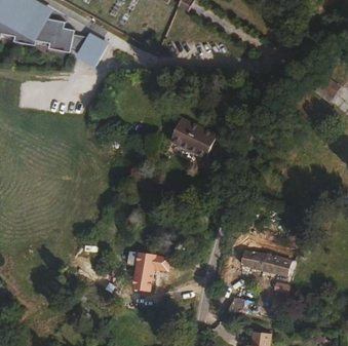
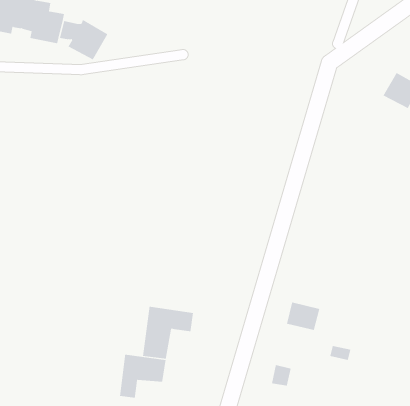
building: [171,120,216,156] -> none
building: [262,254,292,276] -> none
building: none -> [120,354,166,398]

